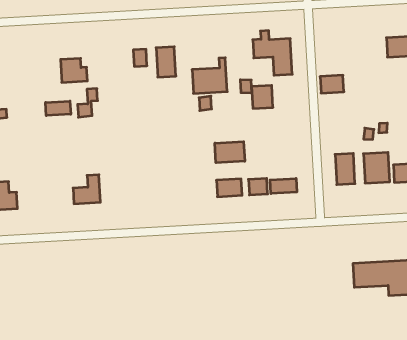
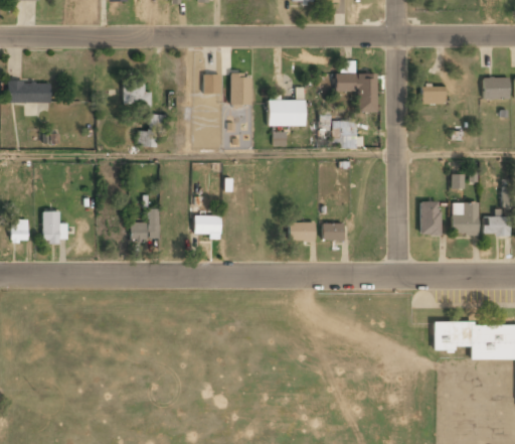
building: [320,75,344,93] -> [421,86,447,104]
building: [46,101,71,116] -> none
building: [215,142,245,163] -> none
building: none -> [194,215,221,237]
building: [270,178,297,194] -> none

